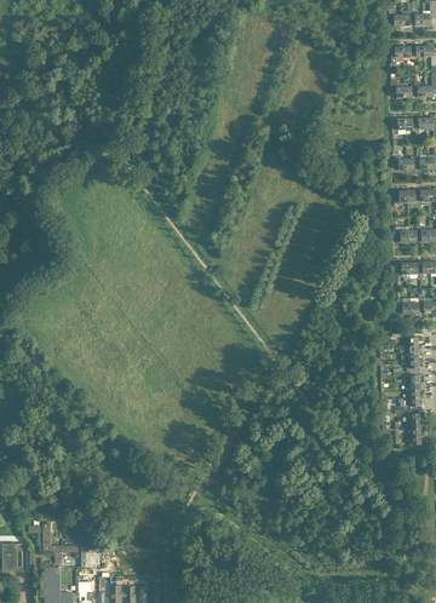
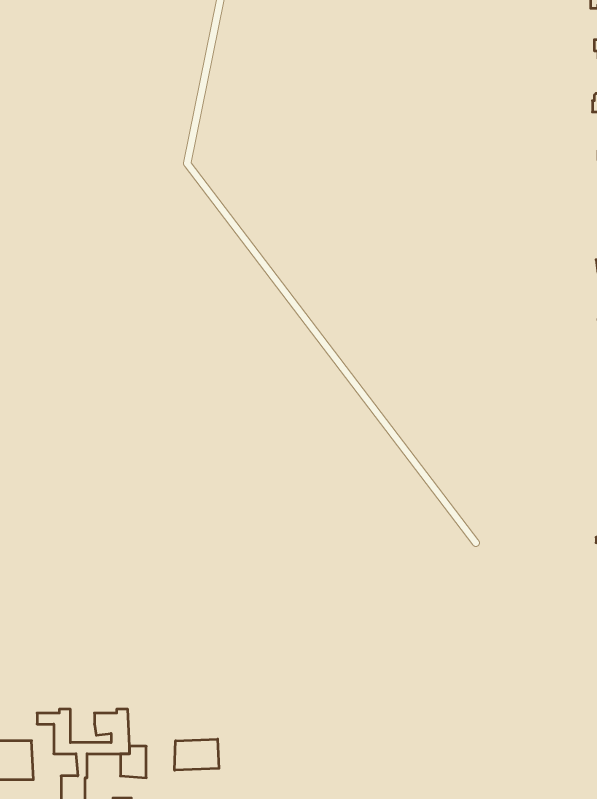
building: none -> [175,739,219,770]

